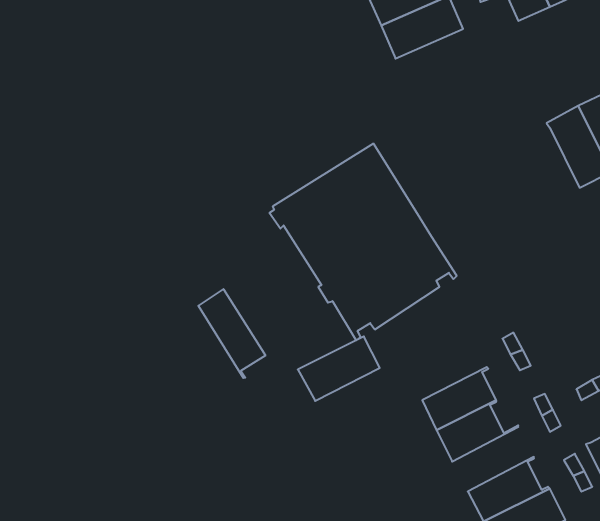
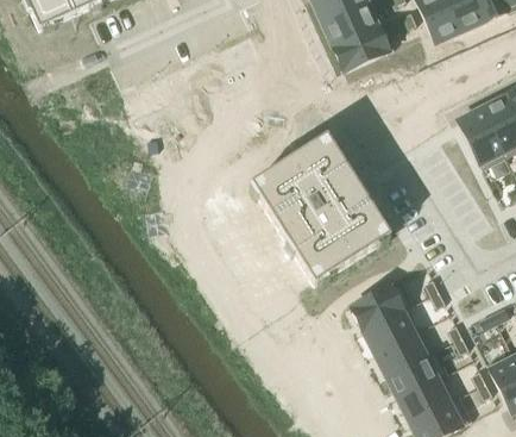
building: [198,289,265,378] -> none
building: [298,336,380,401] -> [350,281,411,330]
building: none -> [385,350,447,399]

